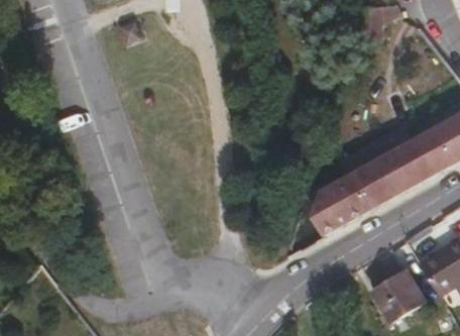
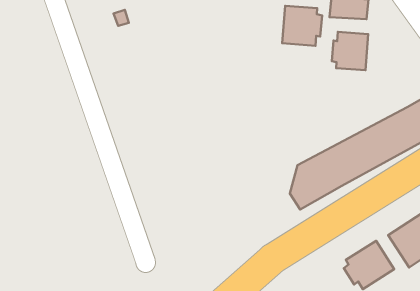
building: none -> [282,6,322,46]
building: none -> [332,32,368,70]

